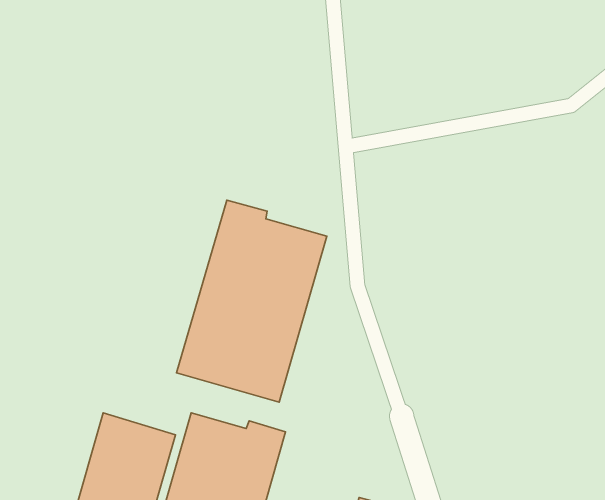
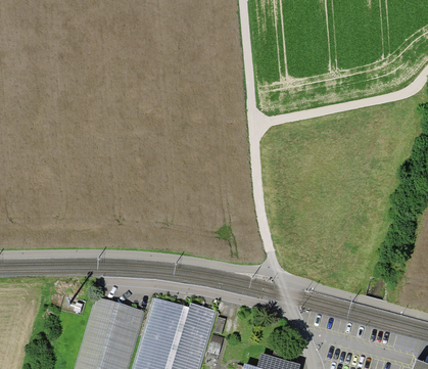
building: [176,200,327,402] -> none

